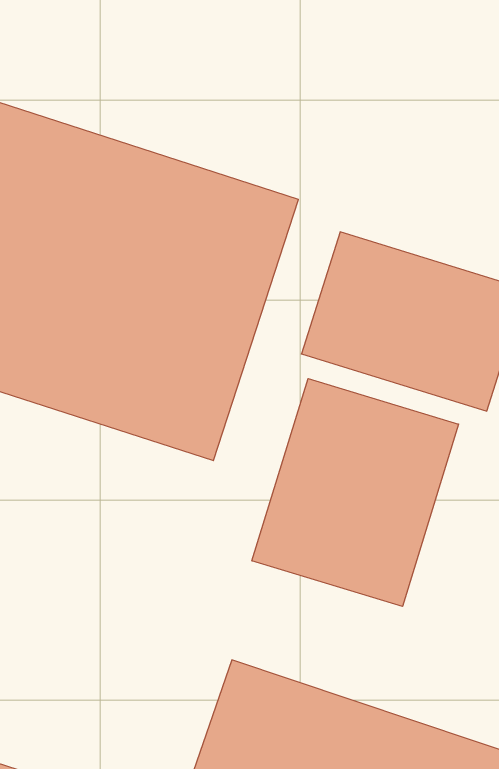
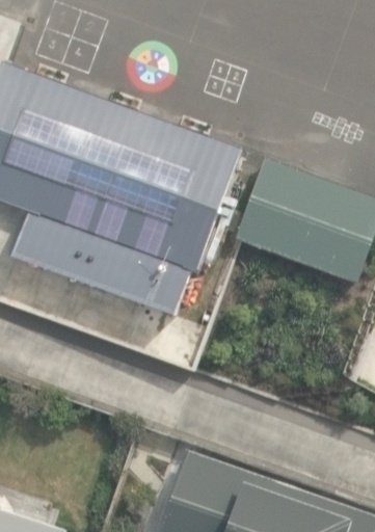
building: [252,379,459,606] -> none

